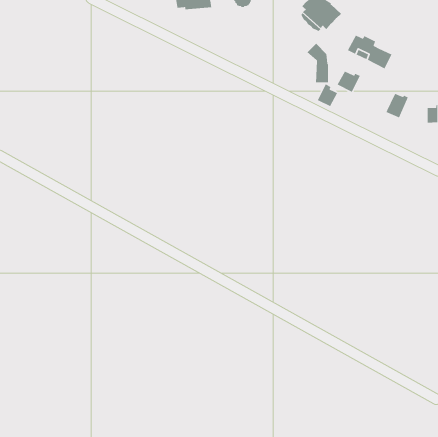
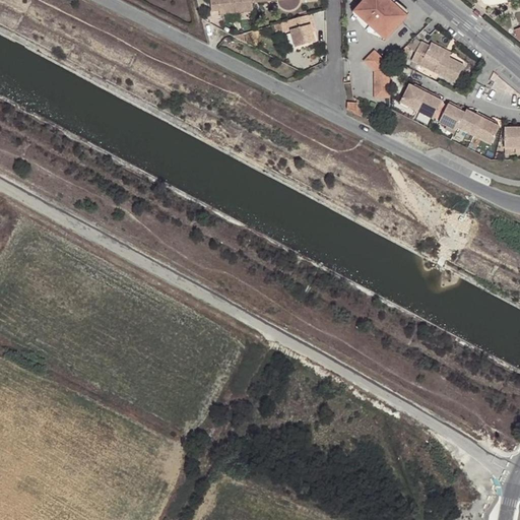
building: none -> [284,12,313,45]
building: [317,83,338,107] -> [416,89,442,118]
building: none -> [440,102,465,130]
building: none -> [472,115,500,148]

